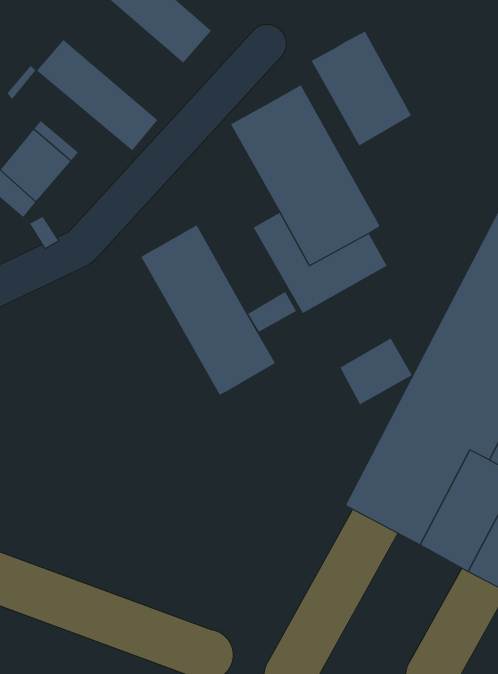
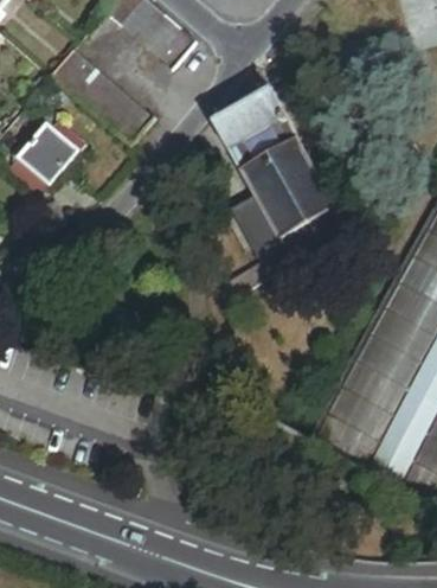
building: [311,31,412,147] -> none
building: [141,224,276,395] -> none
building: [340,338,412,405] -> none

